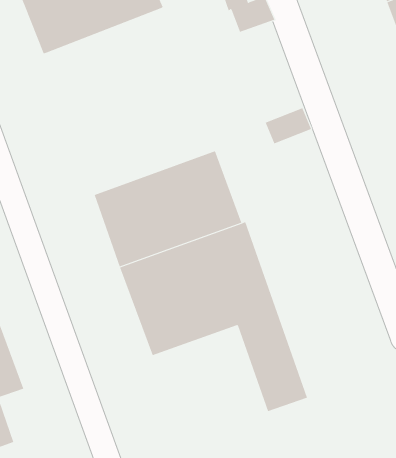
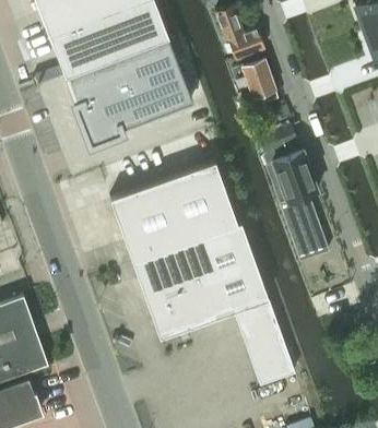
building: none -> [69,39,191,140]
building: none -> [231,60,275,104]
building: none -> [271,151,328,263]

